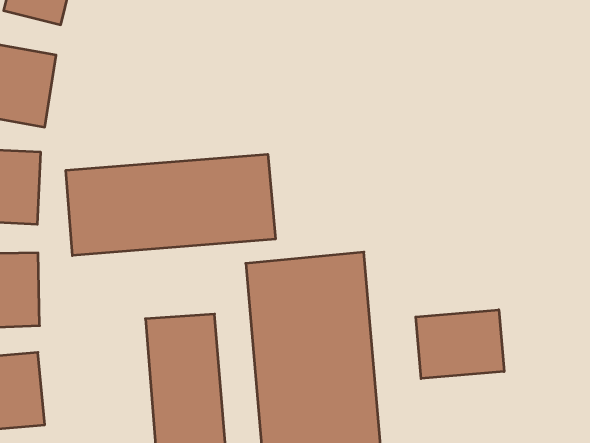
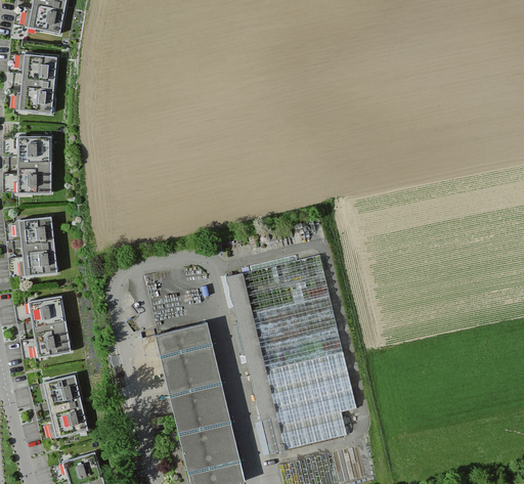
building: [66,154,275,256] -> none
building: [416,310,504,379] -> none

